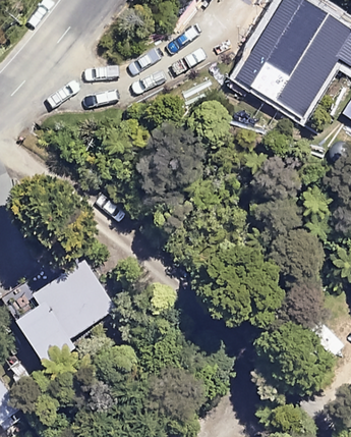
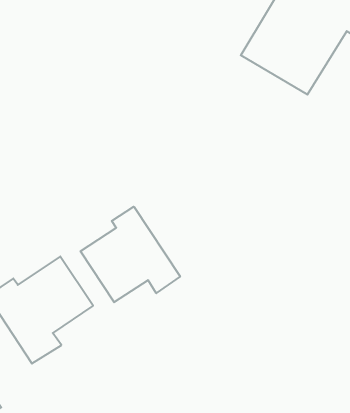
building: none -> [81,207,180,302]

